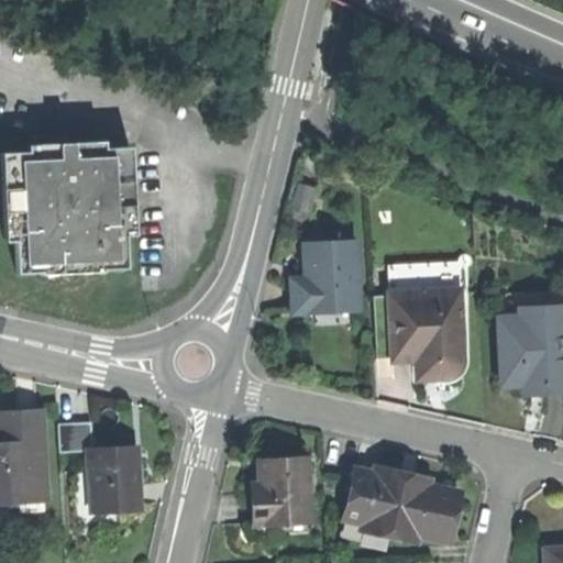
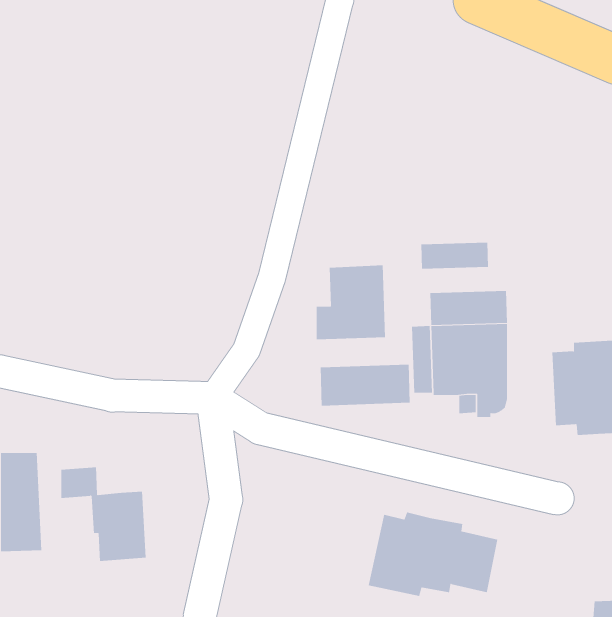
building: [11,140,128,273] -> none
building: none -> [421,242,489,269]
building: none -> [320,364,410,406]
building: [250,457,309,522] -> none

